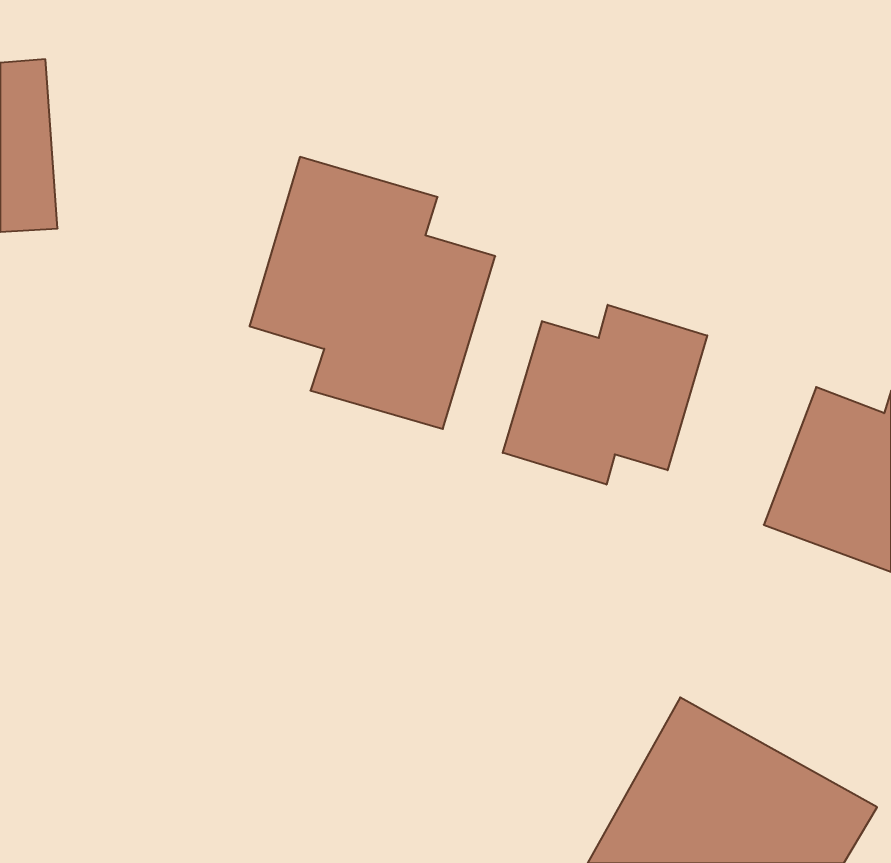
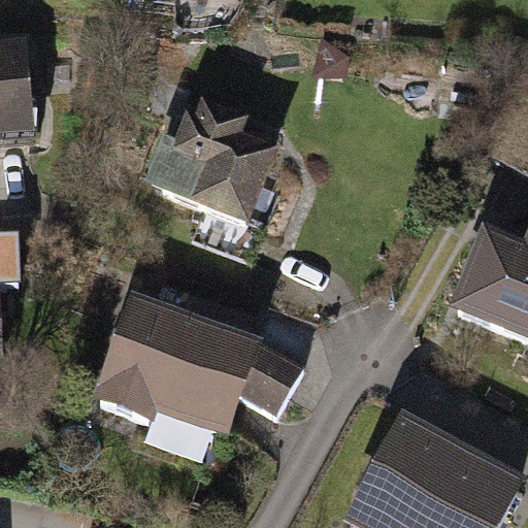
building: [503,305,707,485] -> none
building: none -> [80,306,284,446]

